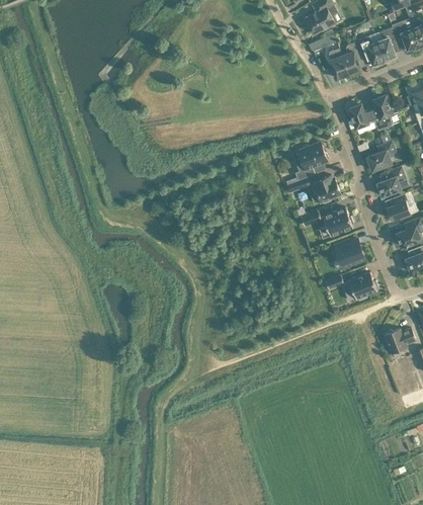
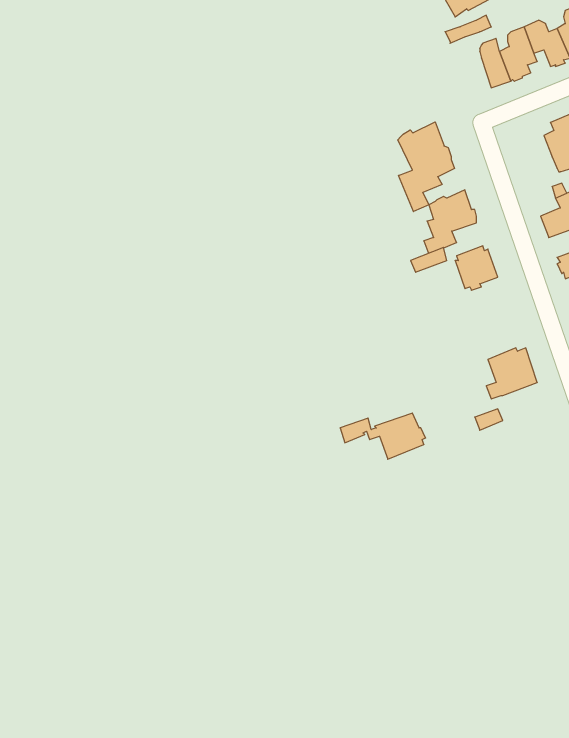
building: none -> [398,122,454,212]
building: [348,103,373,128] -> none
building: [301,207,353,236] -> [340,413,426,459]
building: [344,271,378,301] -> none

